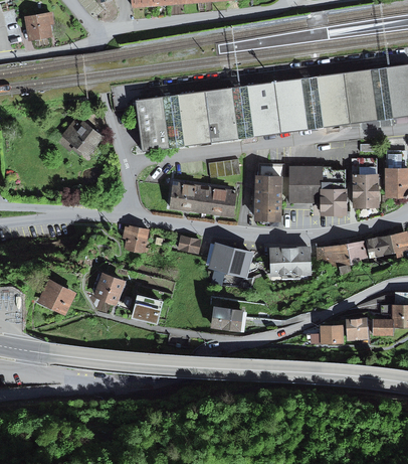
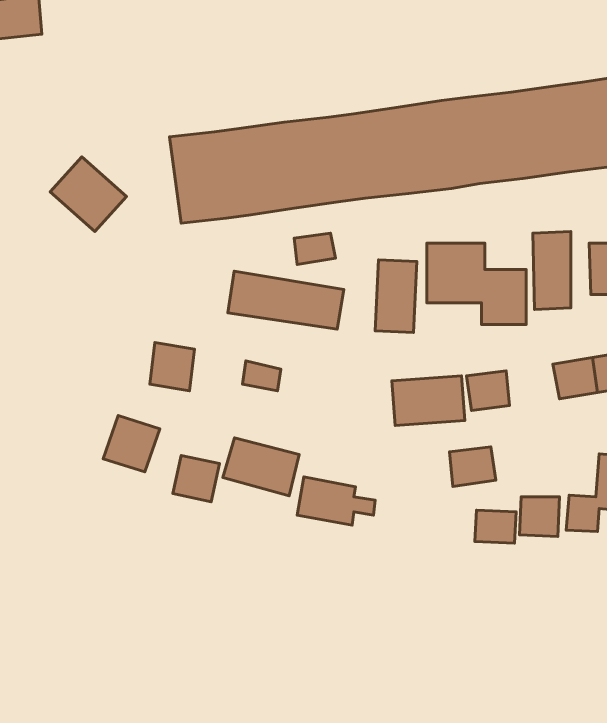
building: [337,240,365,264] -> [450,447,496,487]
building: [206,243,252,278] -> [223,438,299,496]
building: [40,277,76,312] -> none

